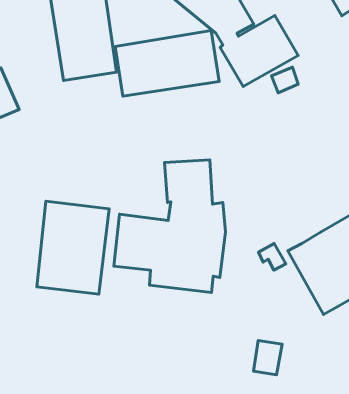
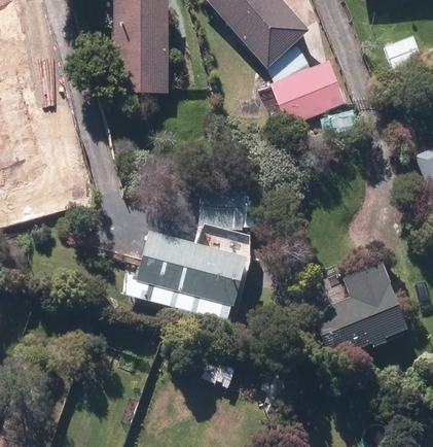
building: [115,31,219,96] -> none
building: [37,201,109,294] -> none

